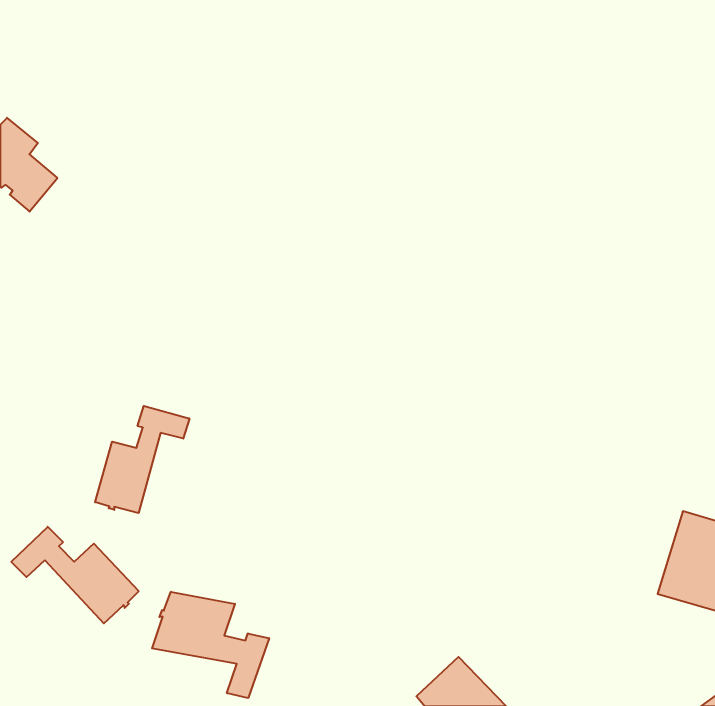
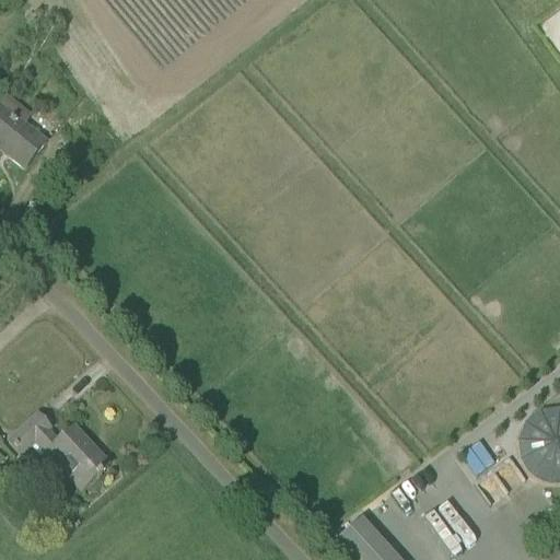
building: [95,406,189,513] -> none
building: [152,592,269,698] -> none

